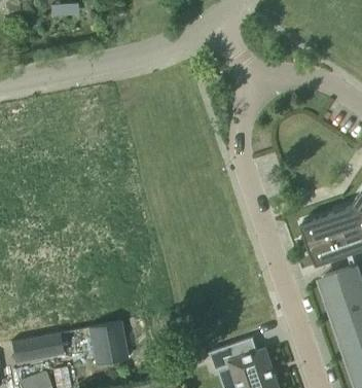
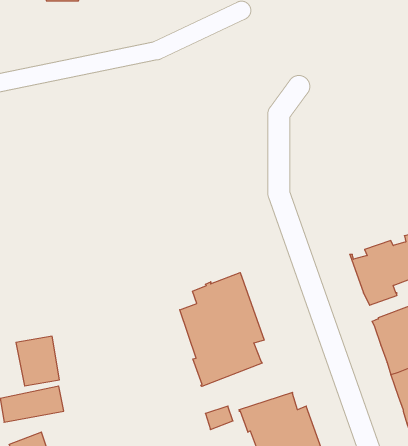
building: none -> [180,273,264,386]
building: [89,322,125,363] -> [16,336,59,386]

